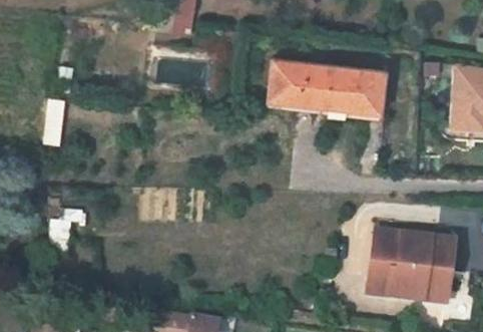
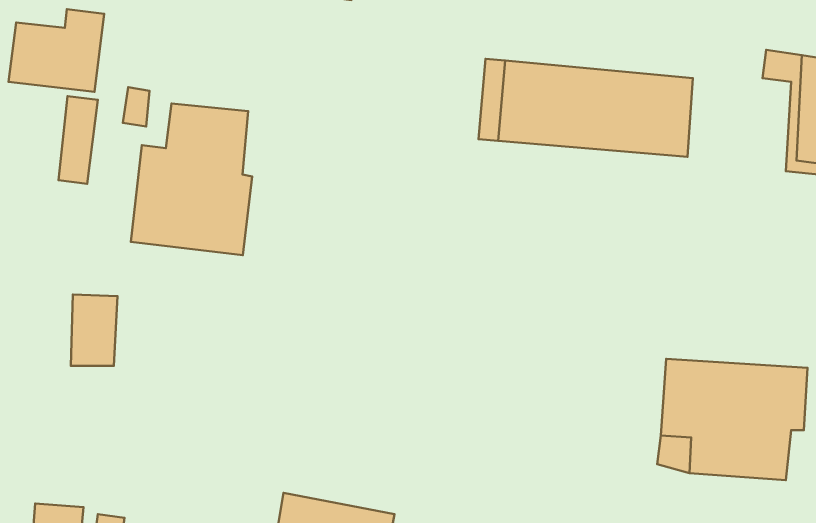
building: none -> [8,9,104,92]
building: none -> [131,104,252,255]

